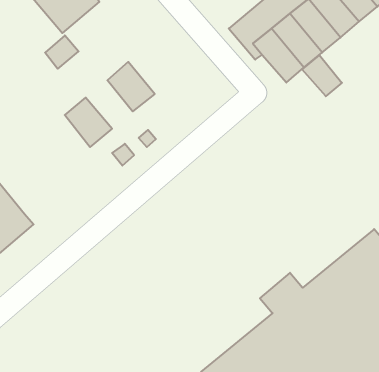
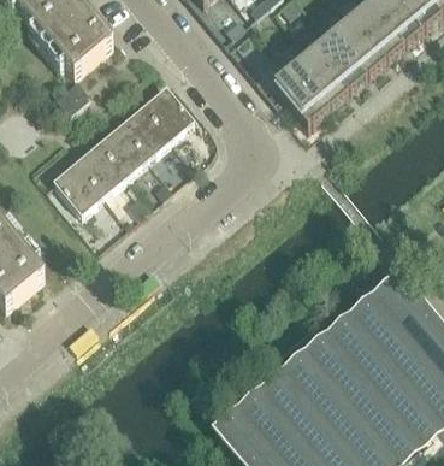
building: none -> [144,83,195,136]
building: [302,55,342,96] -> none
building: none -> [100,122,149,172]
building: none -> [55,158,105,211]

